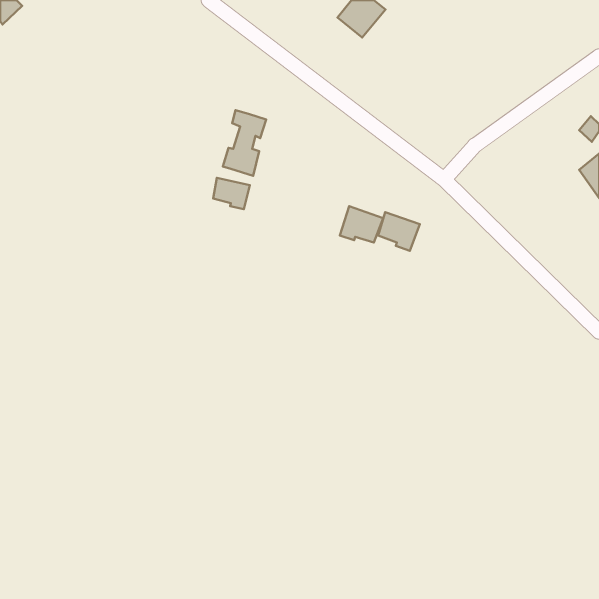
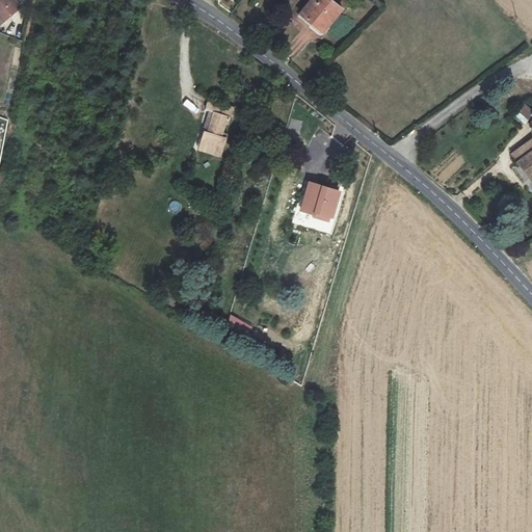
building: [213,178,250,209] -> none
building: [378,212,420,251] -> none

